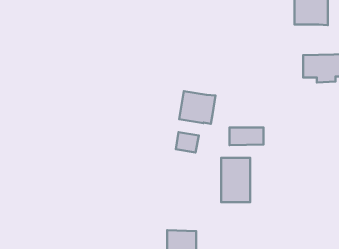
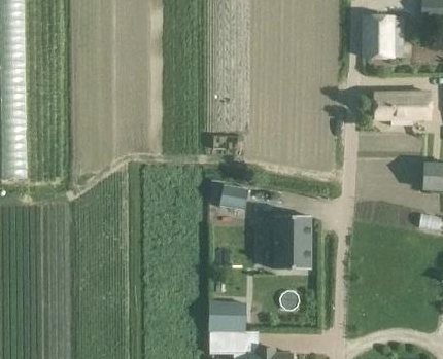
building: [179,91,216,124] -> none
building: [229,127,264,145] -> none

